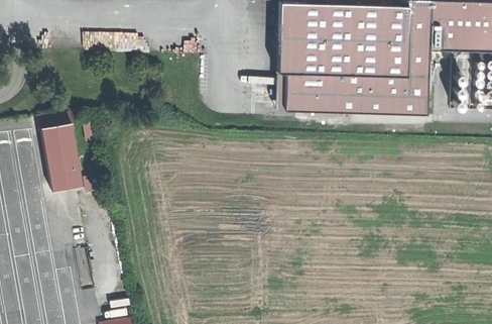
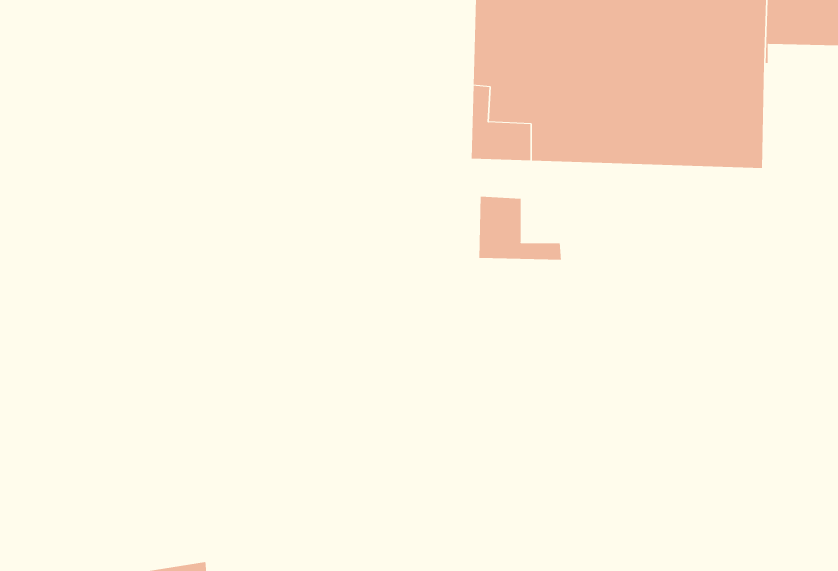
building: [45,121,87,189] -> none
building: none -> [479,196,561,261]

